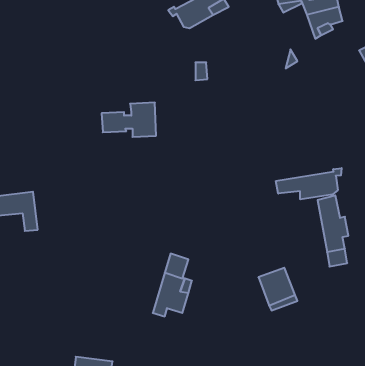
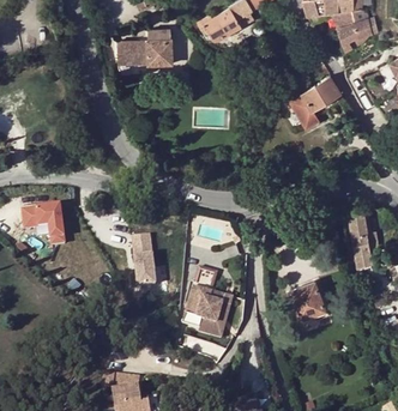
building: none -> [289,77,343,128]
building: [102,103,156,137] -> [117,31,173,66]
building: [276,168,342,199] -> none
building: none -> [132,236,156,288]

